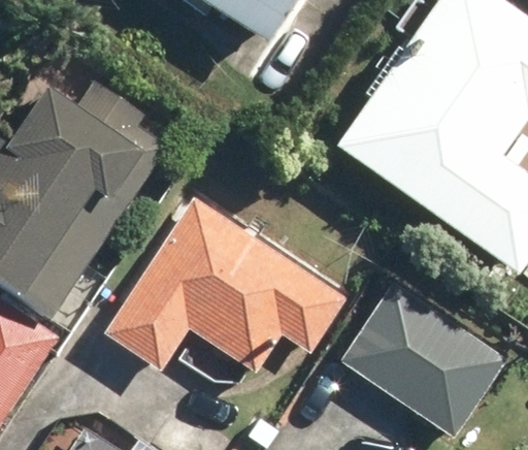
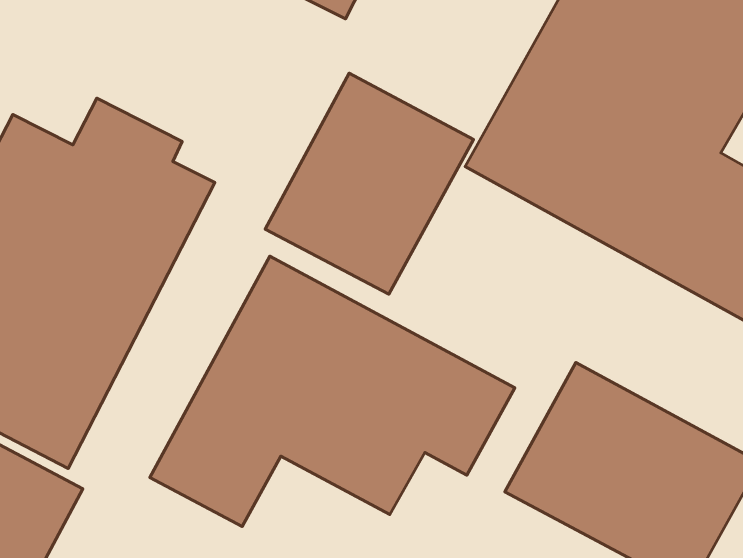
building: none -> [265,73,473,294]

